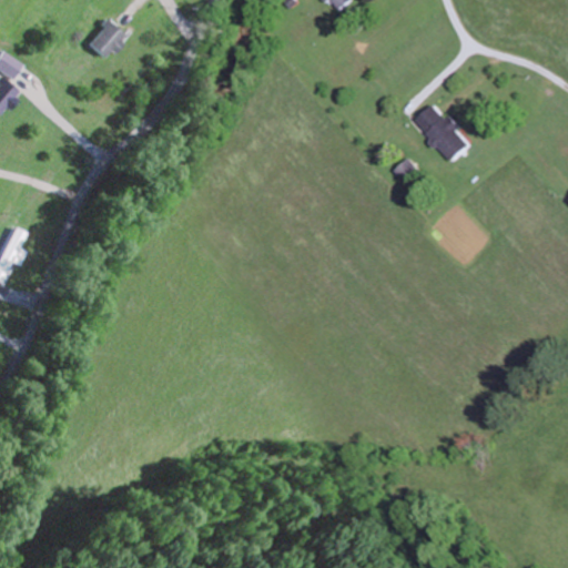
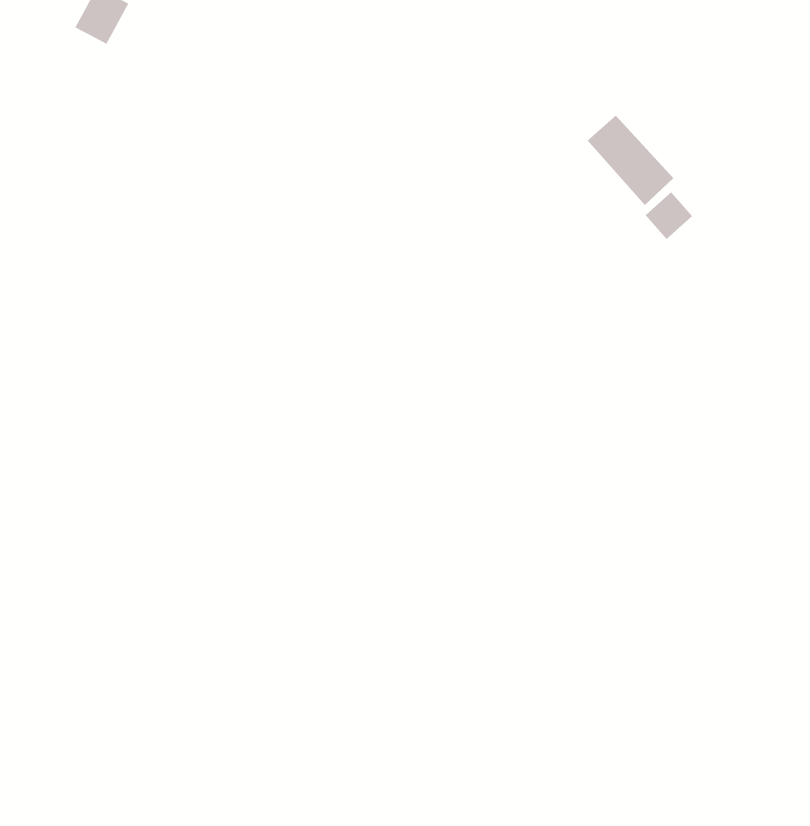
building: none -> [645,191,693,240]

